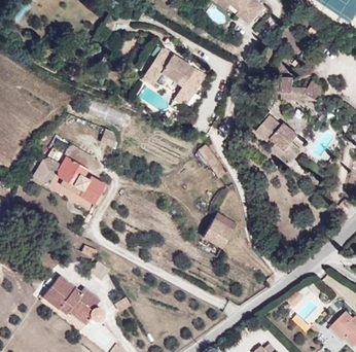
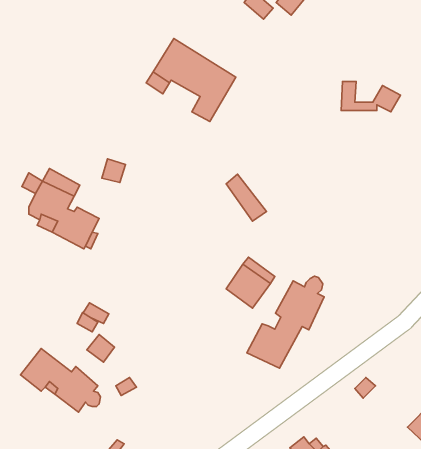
building: [260,117,305,166] -> none
building: none -> [247,276,324,368]

